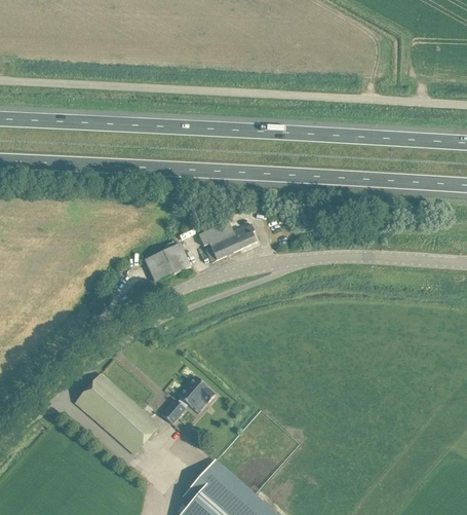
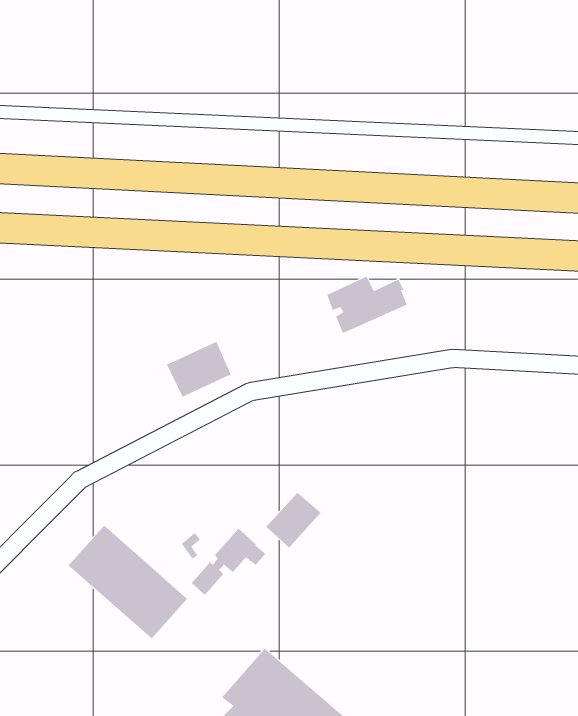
building: [198,222,256,263] -> [326,276,407,334]
building: none -> [265,492,322,549]

